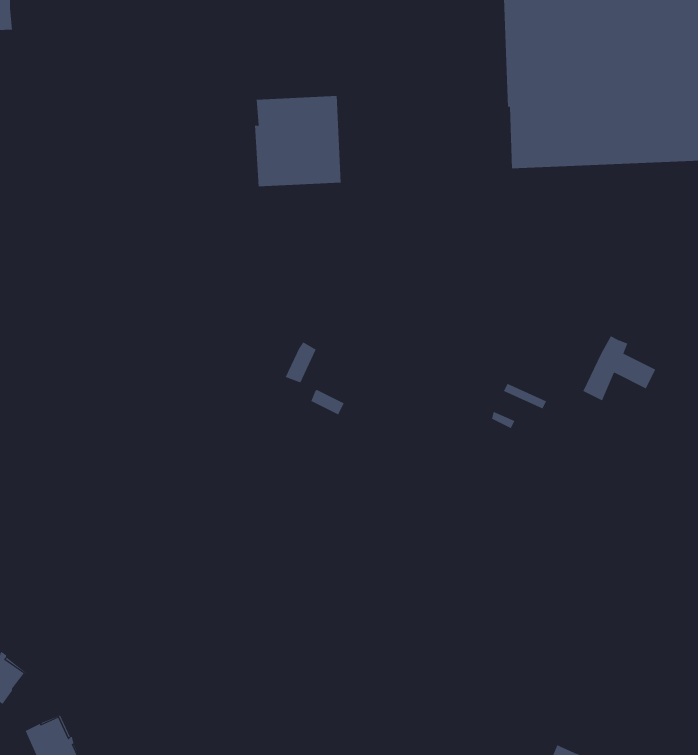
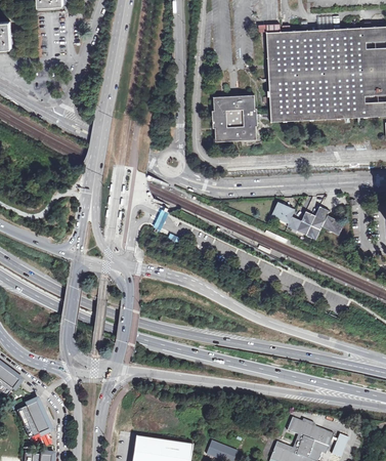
building: [254,95,341,187] -> [211,93,256,140]
building: none -> [274,203,315,235]

